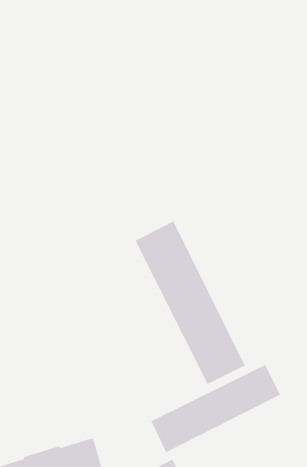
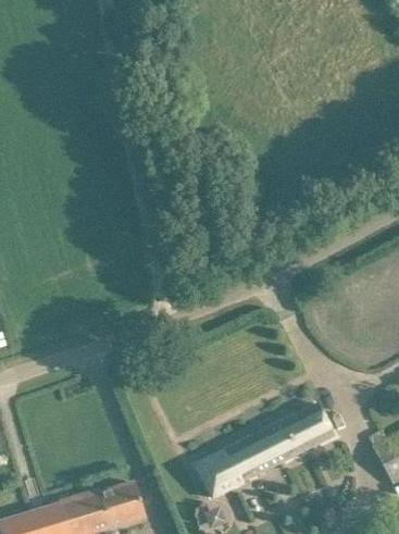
building: [135,220,246,385] -> none

